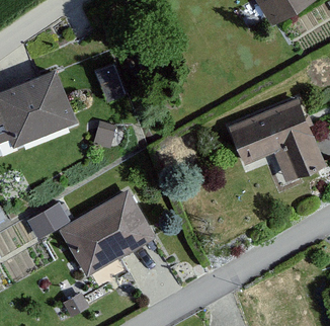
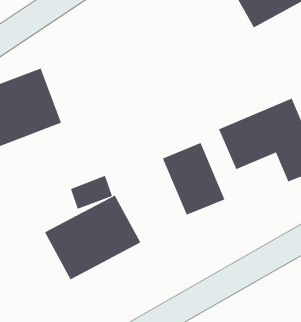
building: none -> [162,142,225,216]
building: [31,198,73,232] -> [70,175,113,210]

